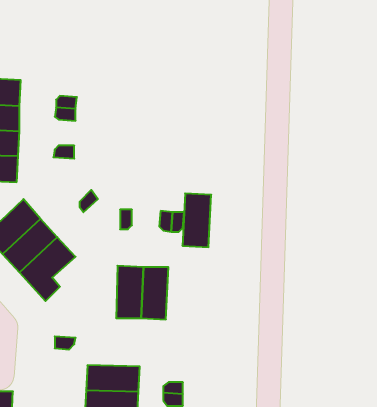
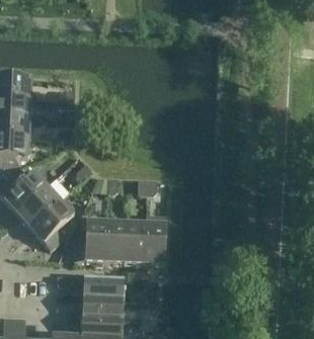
building: [182,193,211,247] -> [144,221,166,262]
building: none -> [75,219,106,260]
building: none -> [83,276,124,298]

